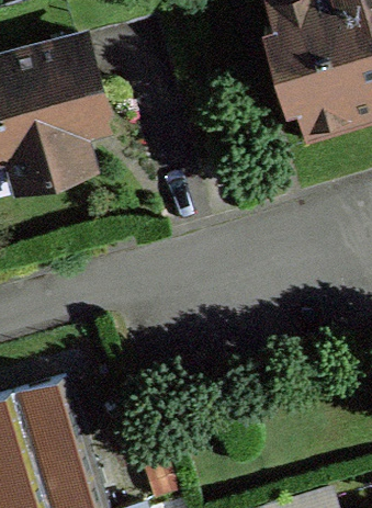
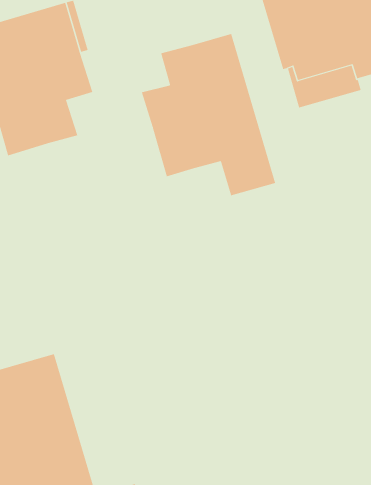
building: none -> [141,33,276,196]

